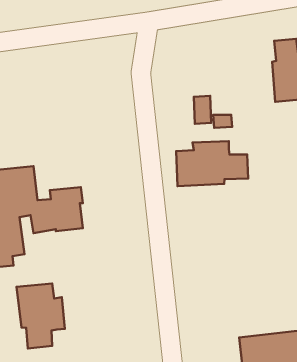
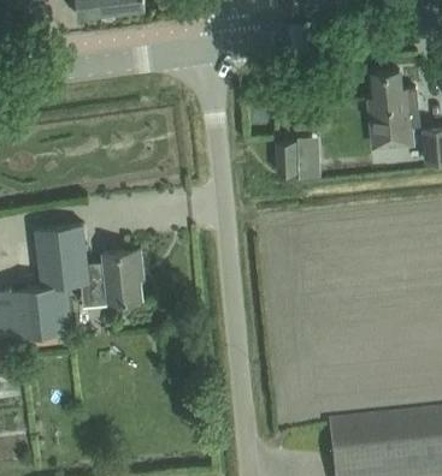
building: [176,141,248,186] -> none
building: [17,283,65,348] -> none

